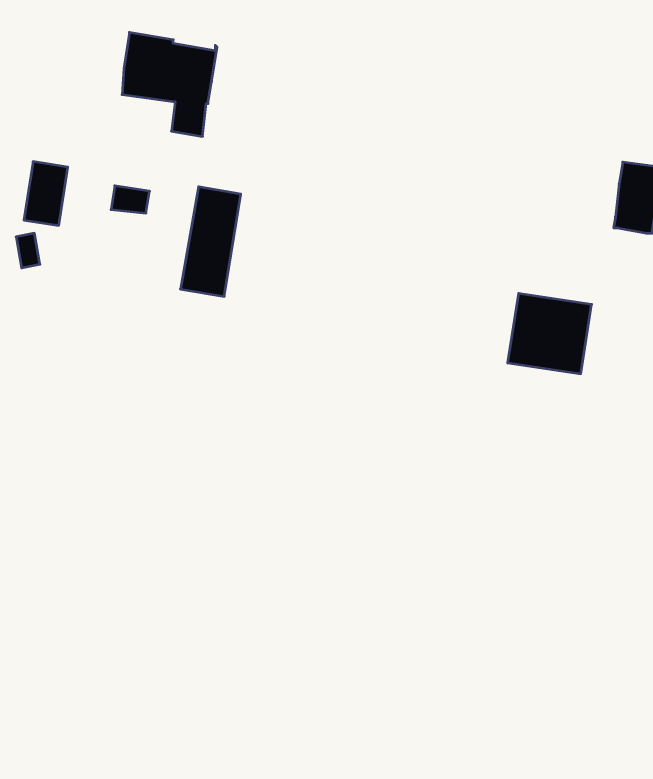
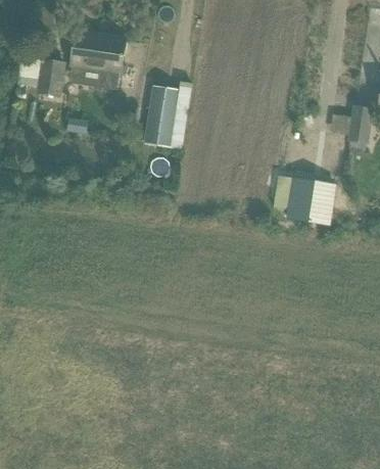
building: [24,162,68,225] -> [37,61,61,97]
building: [180,187,241,296] -> [143,86,177,147]

